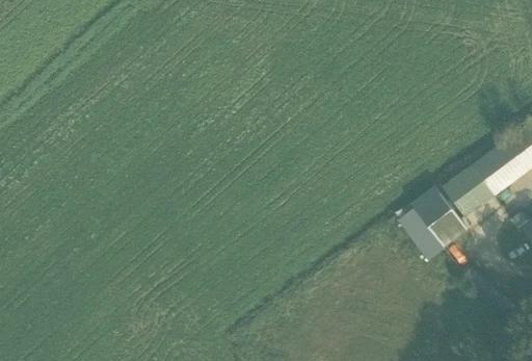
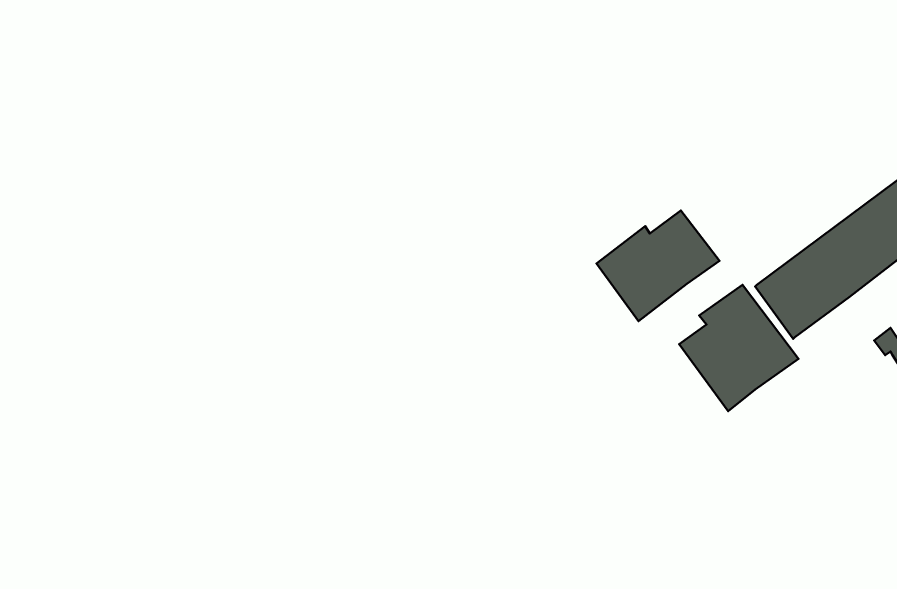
building: none -> [597,210,719,321]

